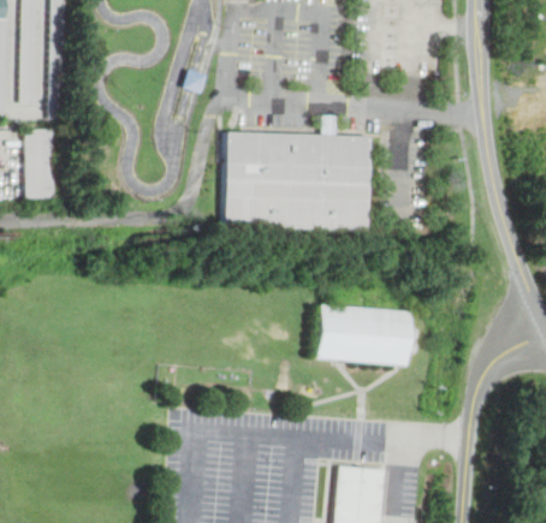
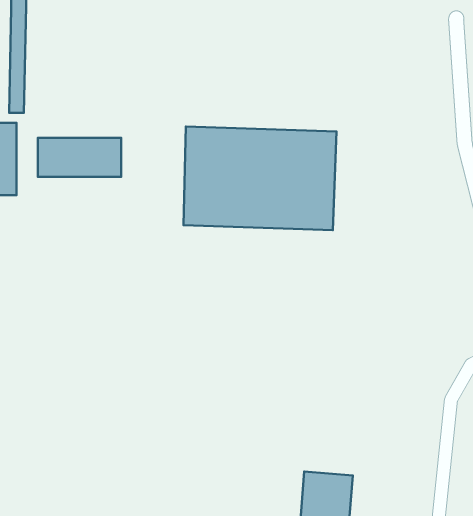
building: none -> [38,138,121,177]
building: [317,304,413,364] -> none

